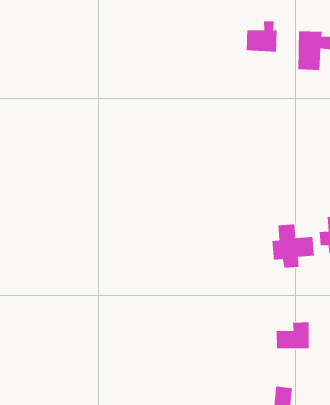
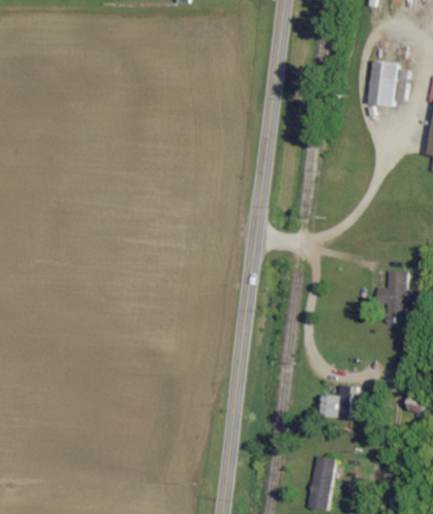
building: [246,21,277,52] -> none
building: [272,224,314,269] -> none

